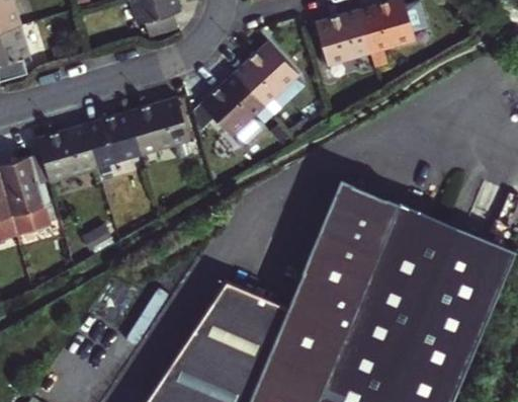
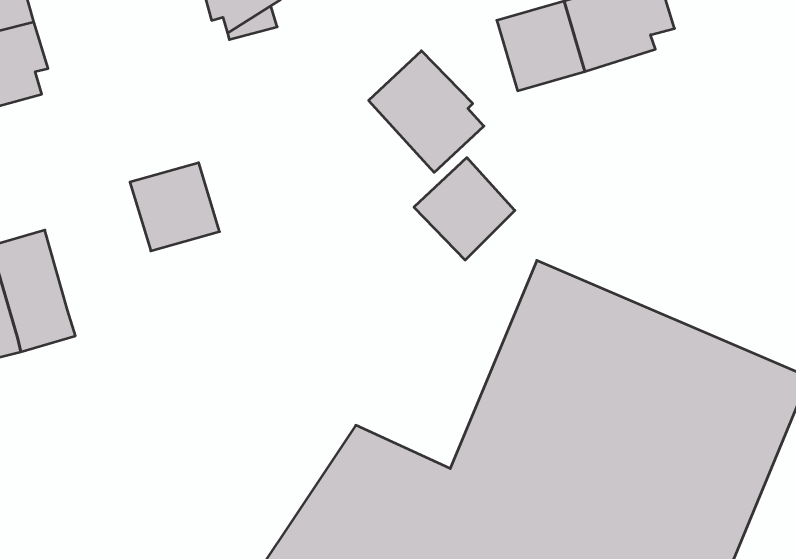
building: [201,75,265,140] -> [414,158,515,260]
building: [127,100,186,158] -> none
building: [41,127,97,183] -> none

